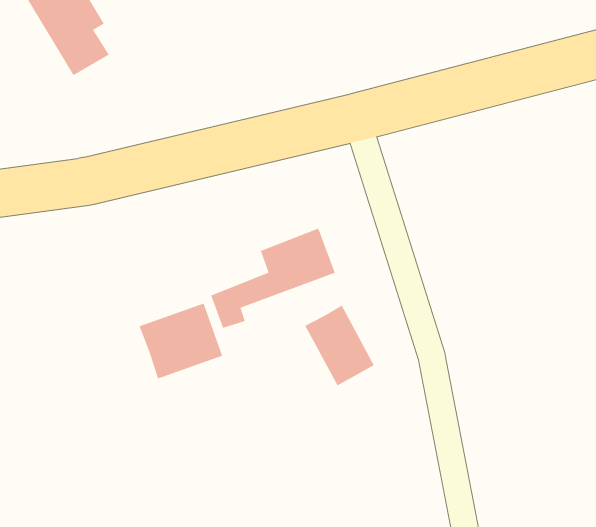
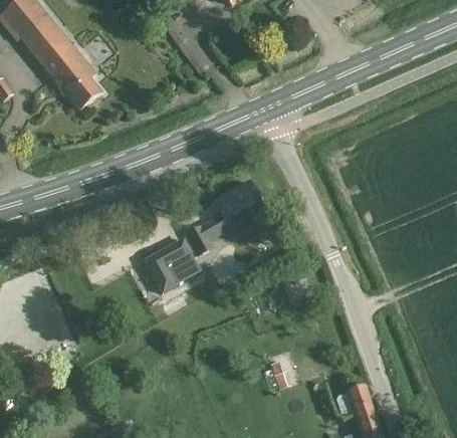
building: [304,305,375,386] -> none

